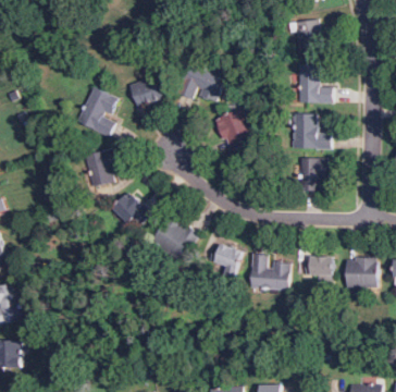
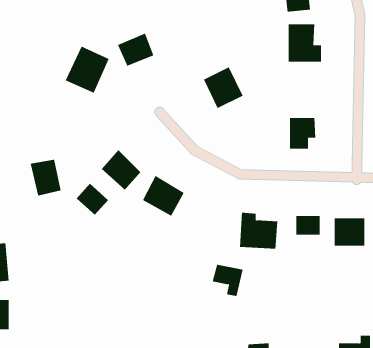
building: [178,62,225,99] -> none
building: [293,113,331,148] -> none
building: [85,149,116,186] -> [30,159,62,196]
building: none -> [76,183,109,216]
building: [209,244,240,277] -> [212,264,244,297]

